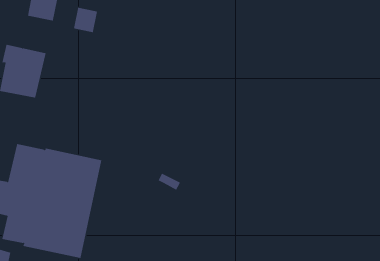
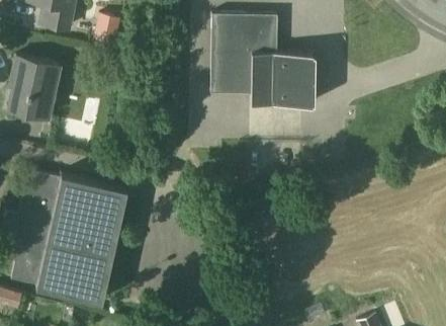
building: none -> [210,14,302,105]

